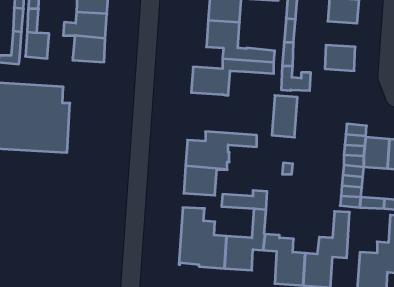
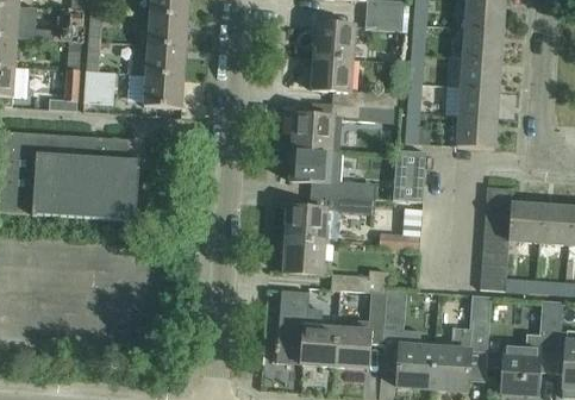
building: none -> [461,56,500,88]
building: none -> [457,115,496,148]
building: none -> [289,145,375,199]

